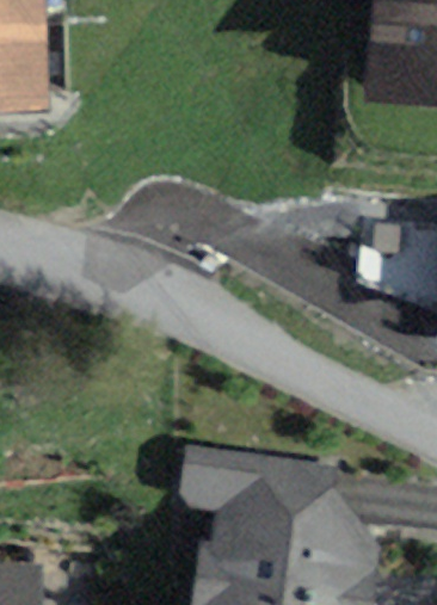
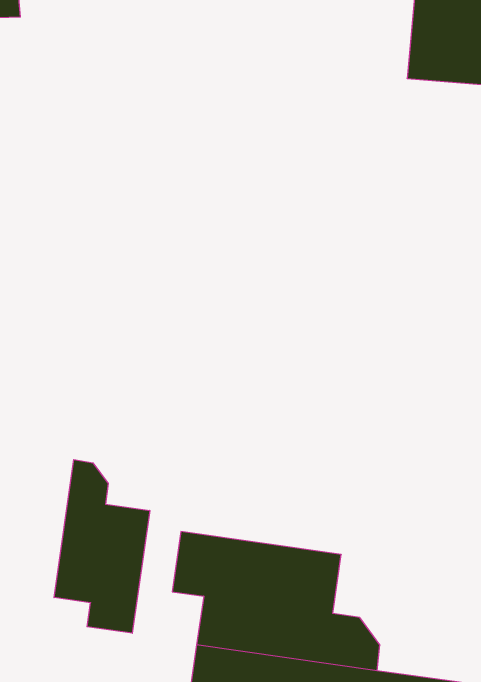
building: none -> [54,460,150,633]

